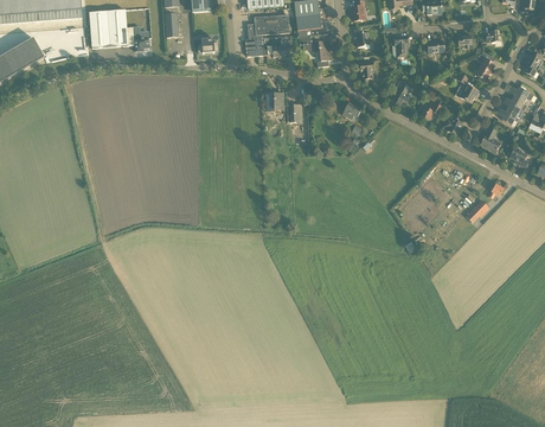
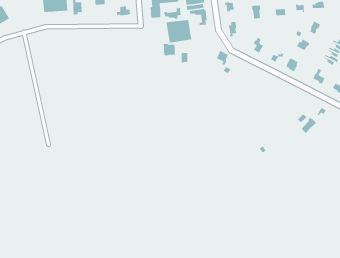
building: none -> [166,19,192,43]

